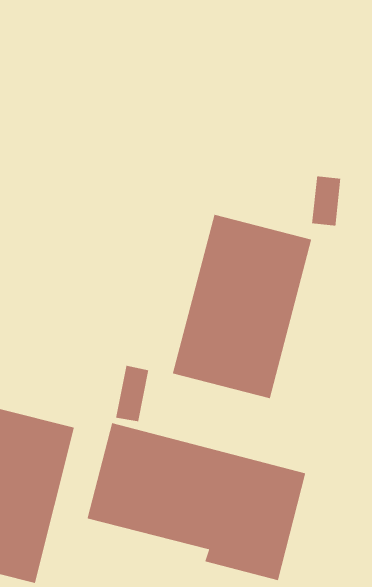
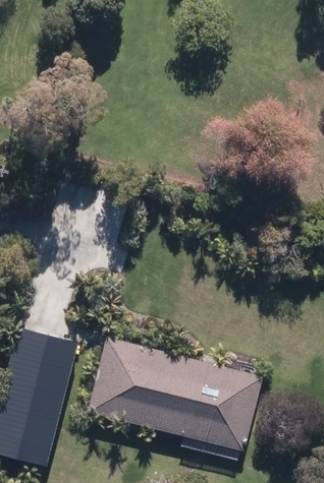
building: [172,214,312,399] -> none

